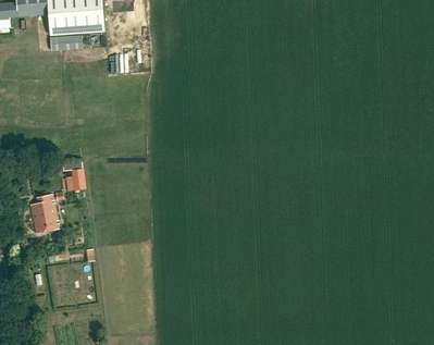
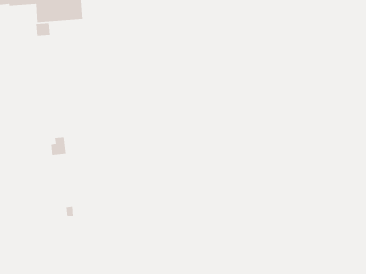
building: [29,194,59,234] -> none

